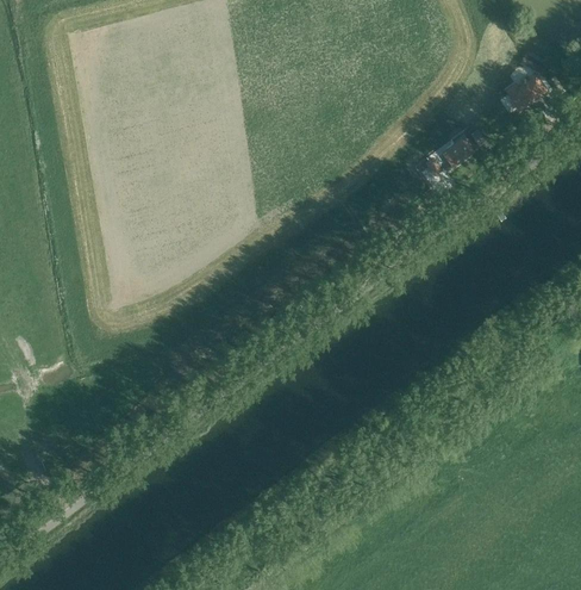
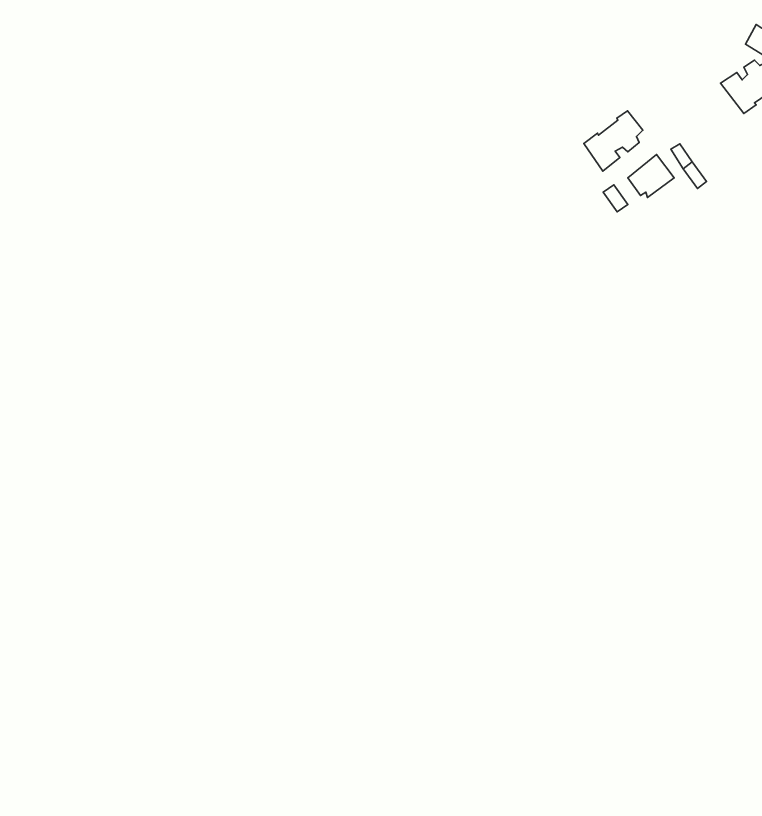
building: none -> [584,111,643,171]

